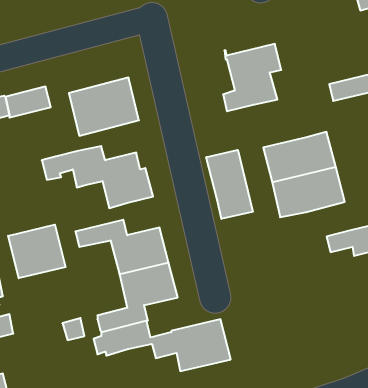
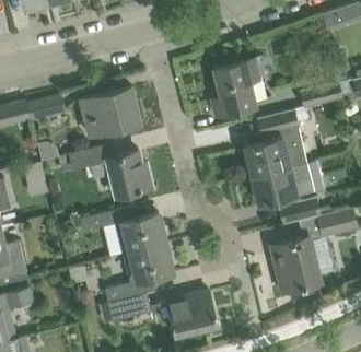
building: none -> [257,109,299,137]
building: [206,150,253,219] -> none
building: none -> [280,198,319,224]
building: [8,225,66,278] -> none
building: none -> [270,236,321,292]

